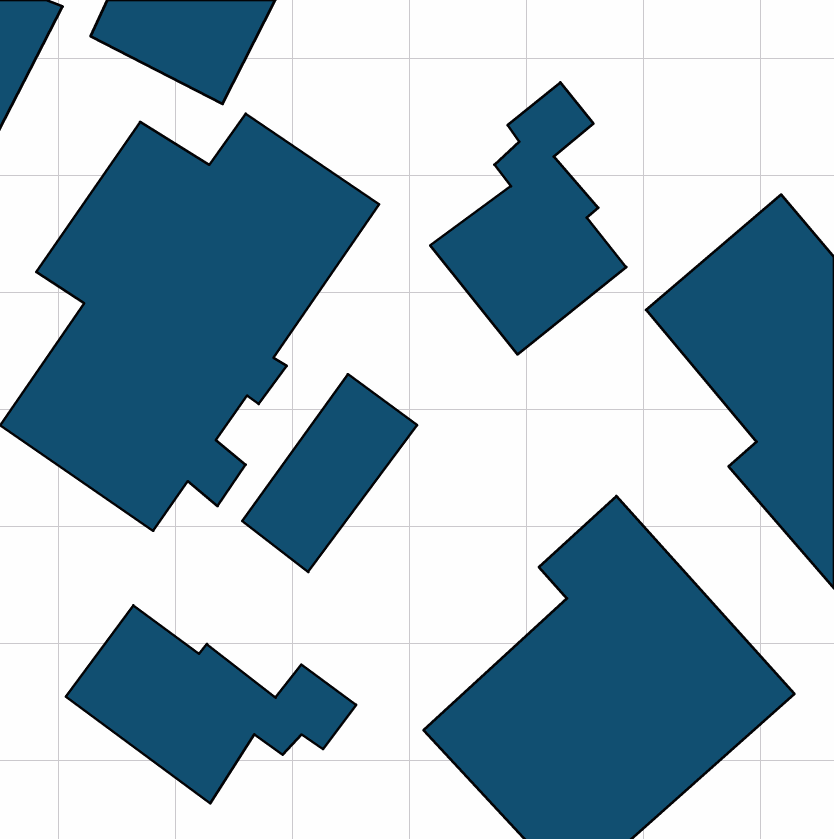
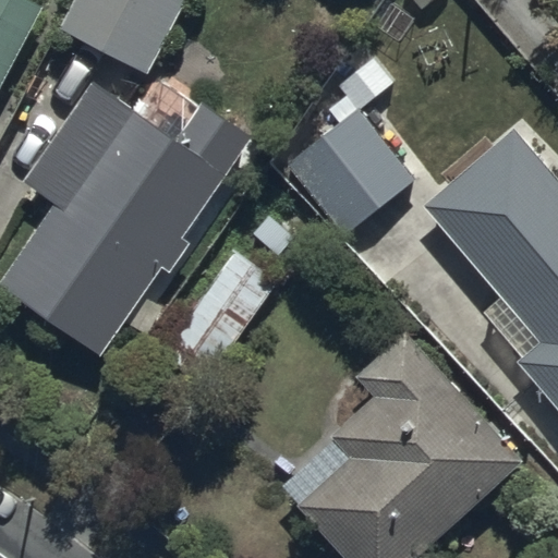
building: [66,605,356,803] -> none

